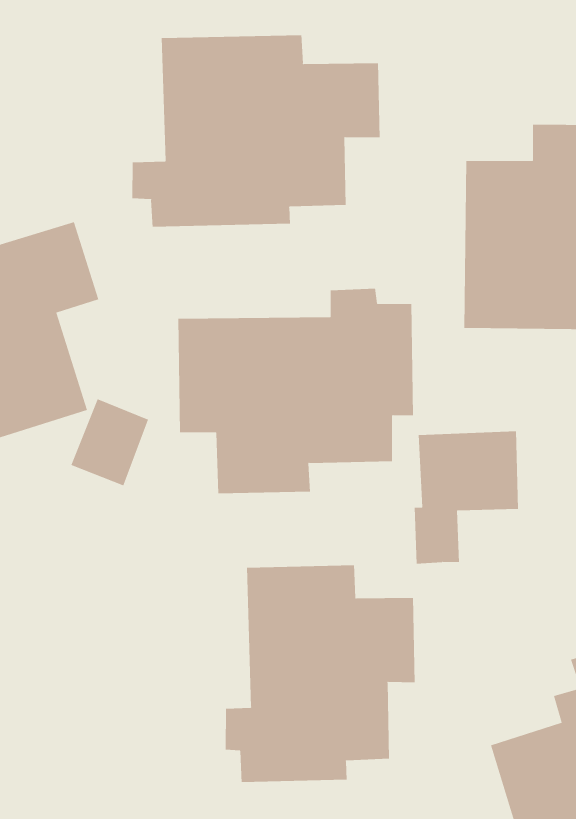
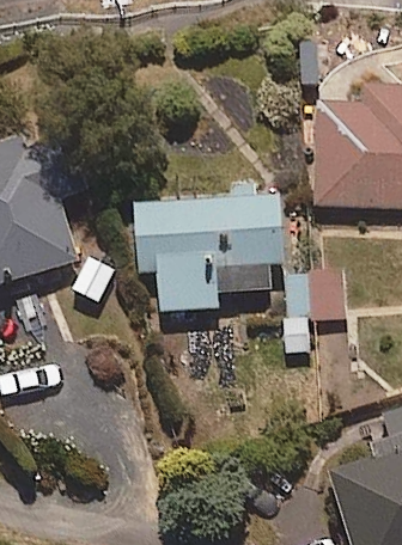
building: [132,34,380,227] -> none
building: [225,565,415,783] -> none

